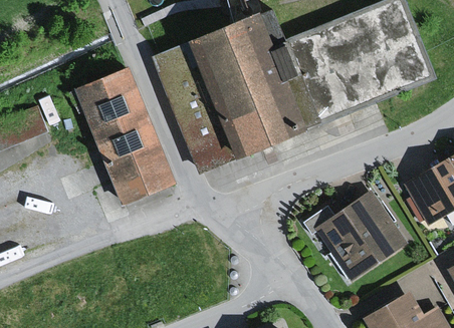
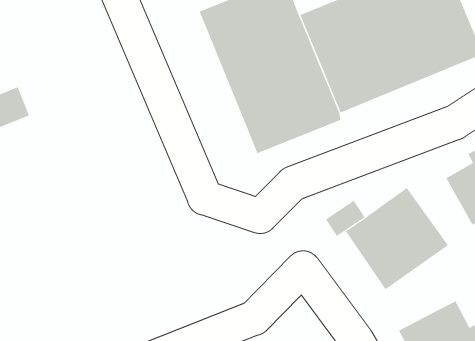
building: [154,40,238,176] -> none
building: [77,71,171,204] -> none

